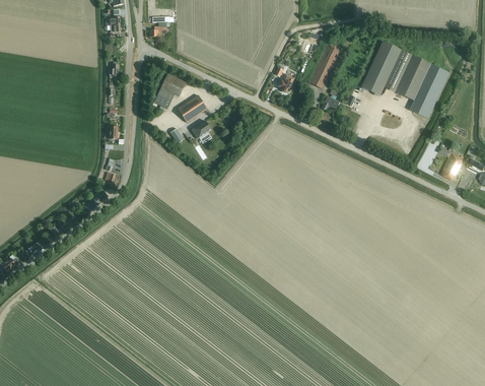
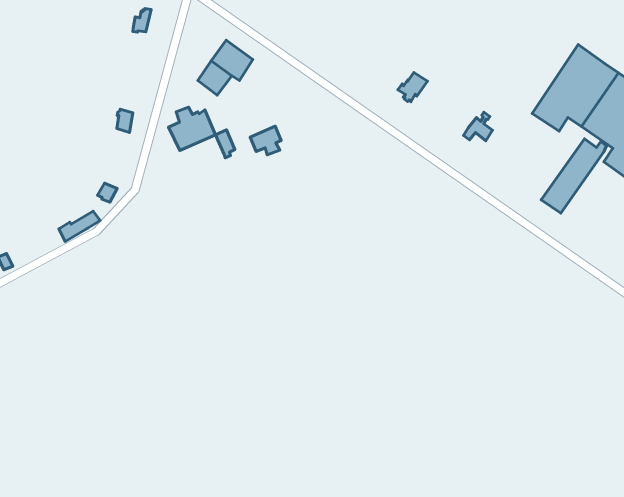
building: [308,41,343,88] -> [541,139,607,213]
building: [178,94,207,122] -> [169,107,216,151]

